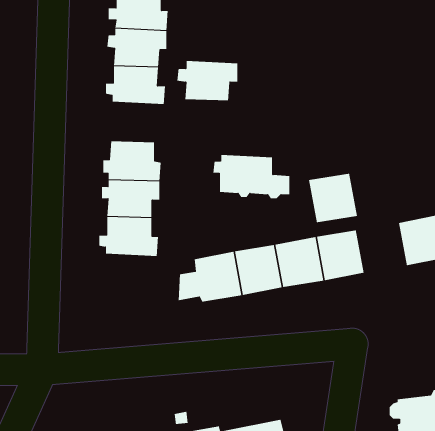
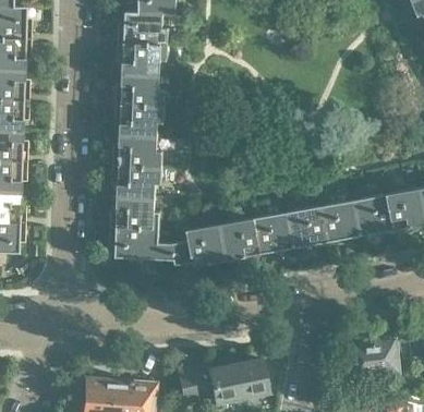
building: [176,61,238,101] -> [114,104,165,136]
building: [212,154,290,199] -> [110,227,173,263]
building: [308,173,358,223] -> [320,202,361,242]

